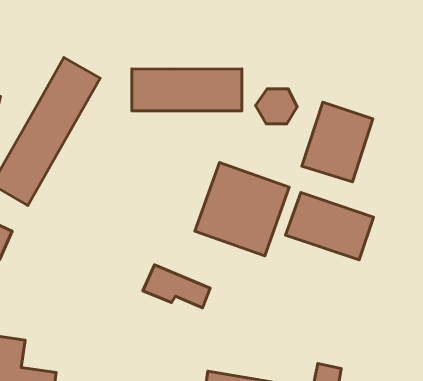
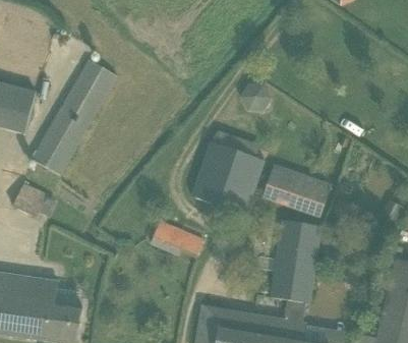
building: [132,69,242,111] -> none
building: [302,102,373,182] -> none
building: none -> [271,219,322,302]

